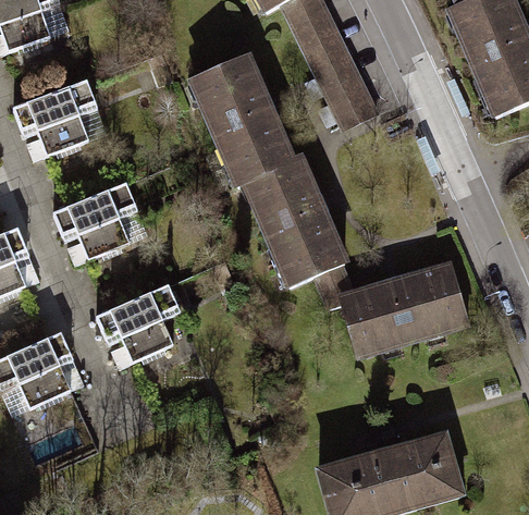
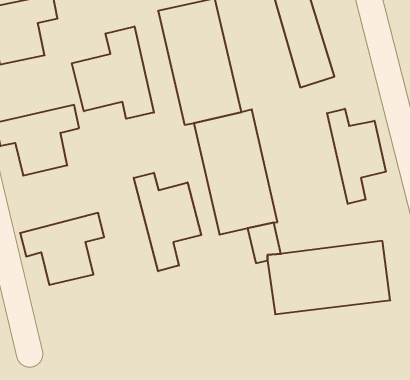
building: none -> [72,26,154,119]
building: none -> [327,109,386,204]
building: none -> [134,173,201,271]

